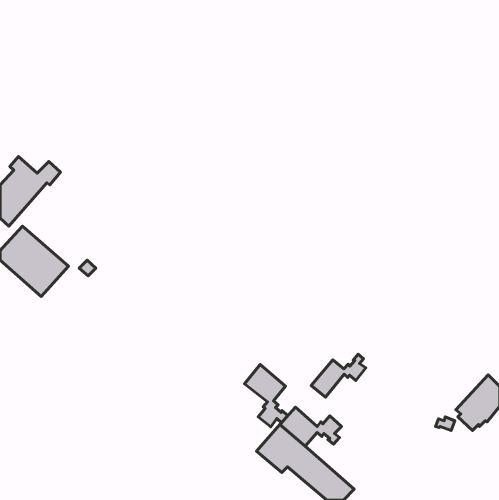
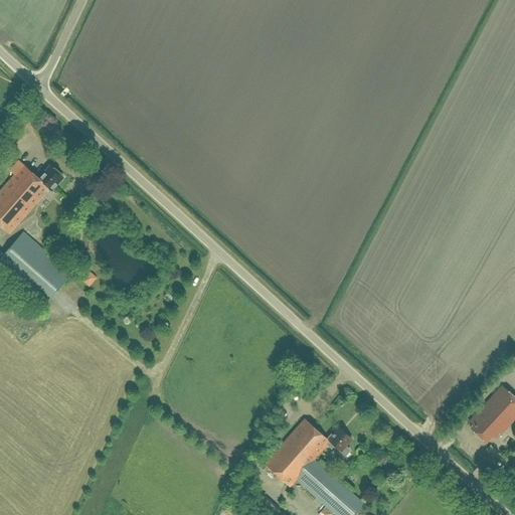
building: [311,354,366,397] -> none
building: [244,365,288,427] -> none

